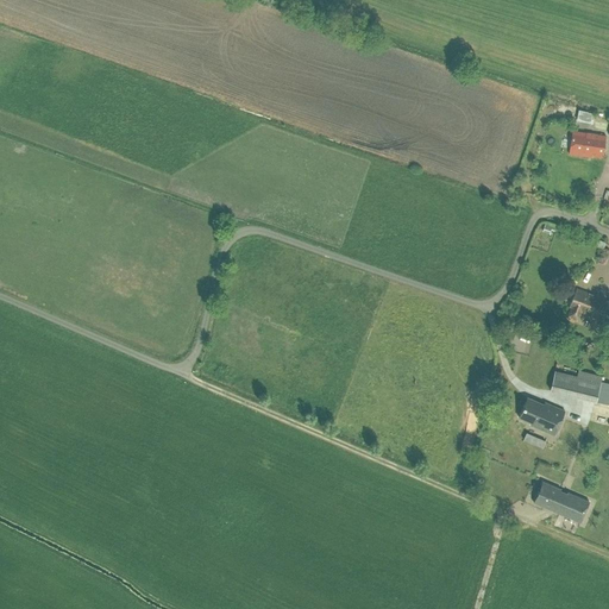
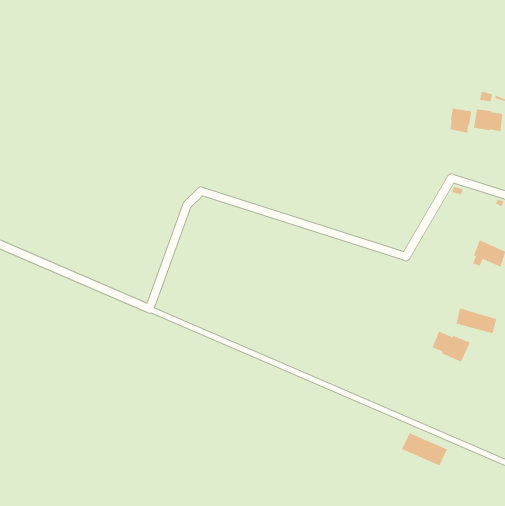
building: none -> [450,108,472,133]
building: [534,482,590,522] -> [401,432,448,466]

